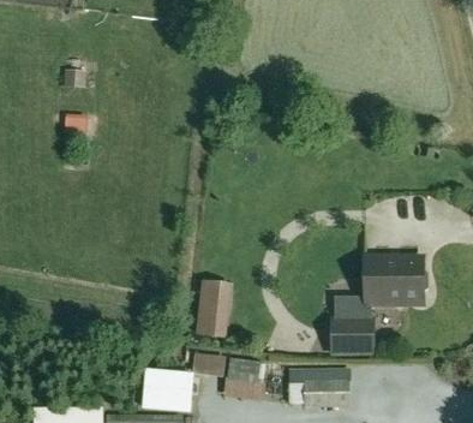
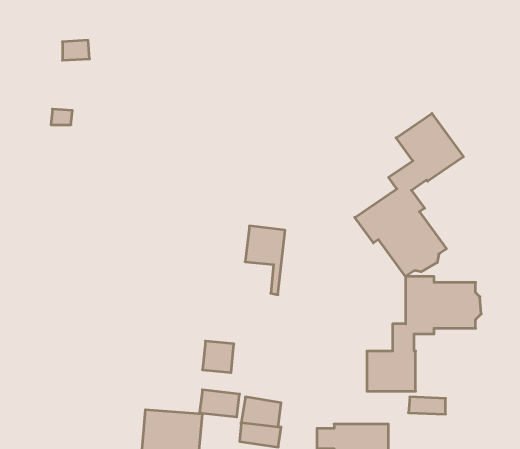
building: none -> [355,113,463,277]
building: [196,280,229,338] -> [245,226,285,295]

